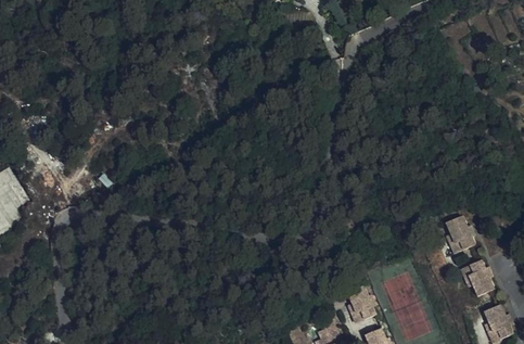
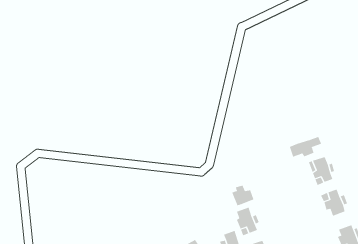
building: none -> [289,136,322,157]
building: none -> [232,185,254,206]

